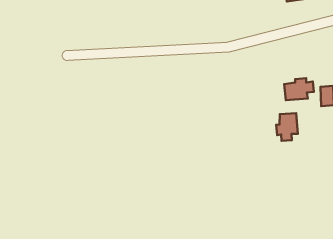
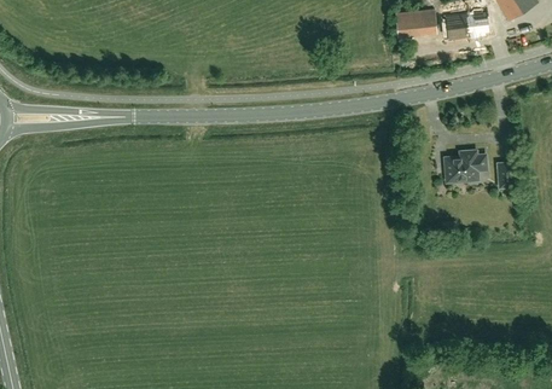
building: [276,113,298,141] -> none

